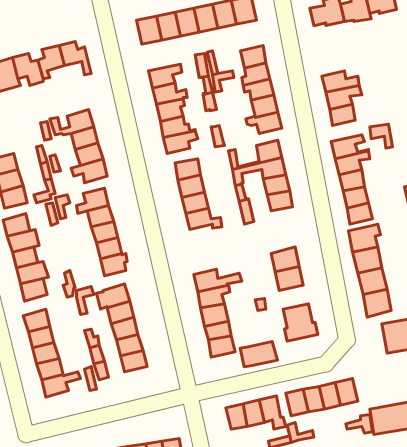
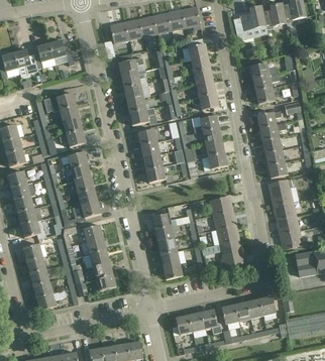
building: [240,341,277,367] -> [210,225,238,244]

